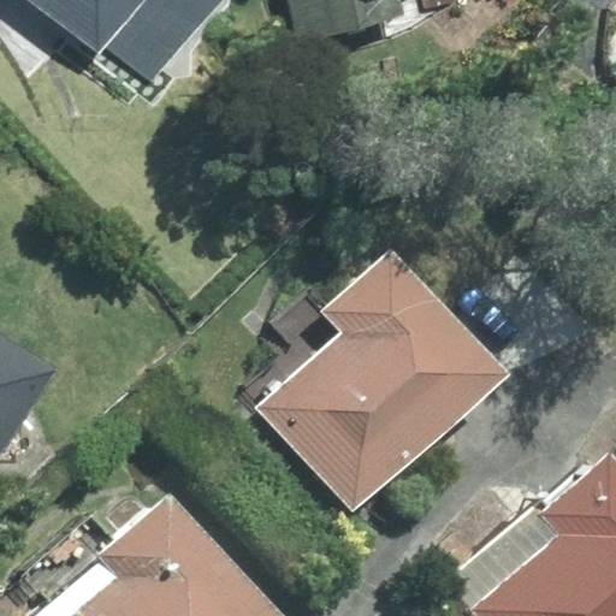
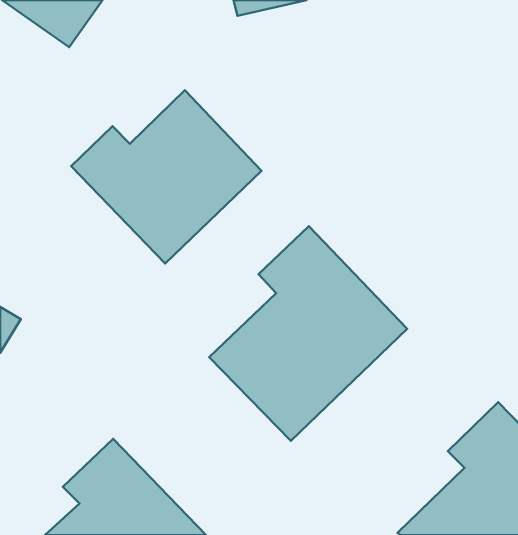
building: none -> [71,90,262,264]

